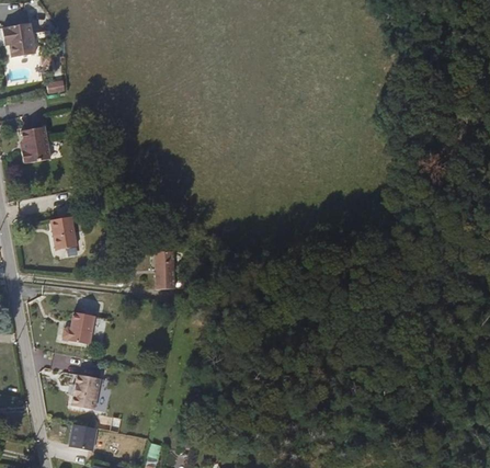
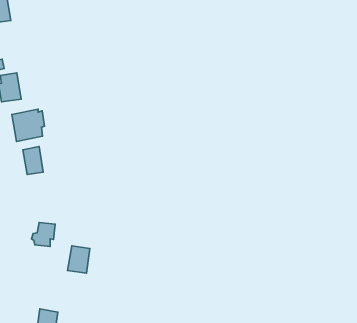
building: none -> [12,109,45,142]
building: [151,251,172,290] -> none
building: [76,377,104,412] -> [68,246,90,273]

